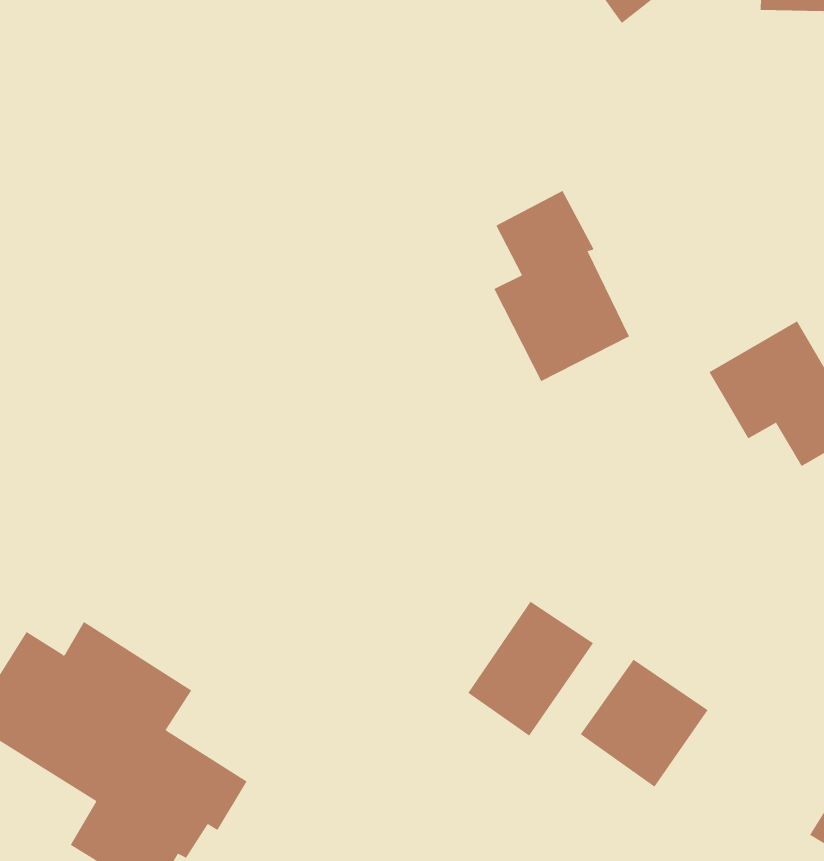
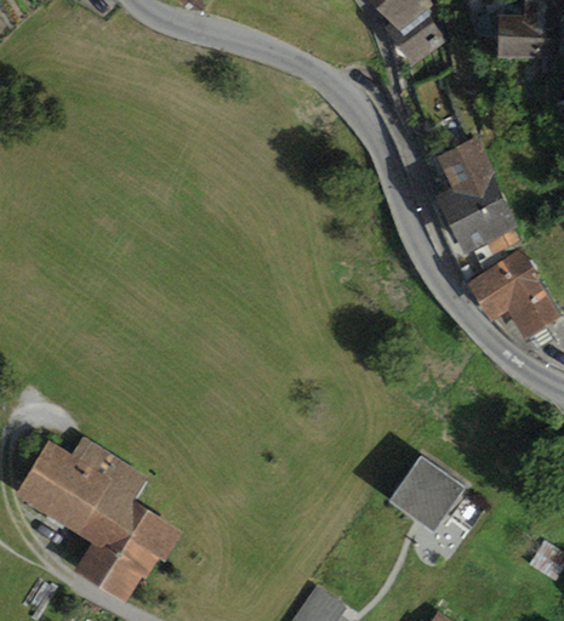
building: [494,190,630,382] -> [434,136,518,253]
building: [468,601,594,736] -> none

